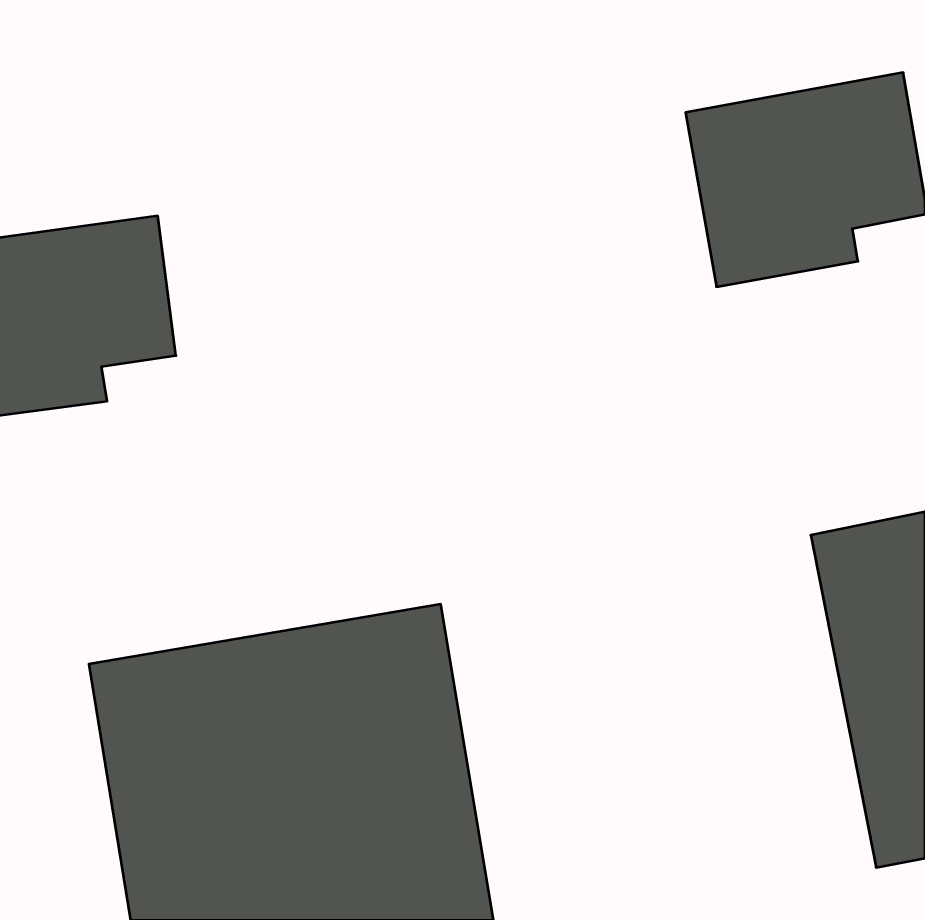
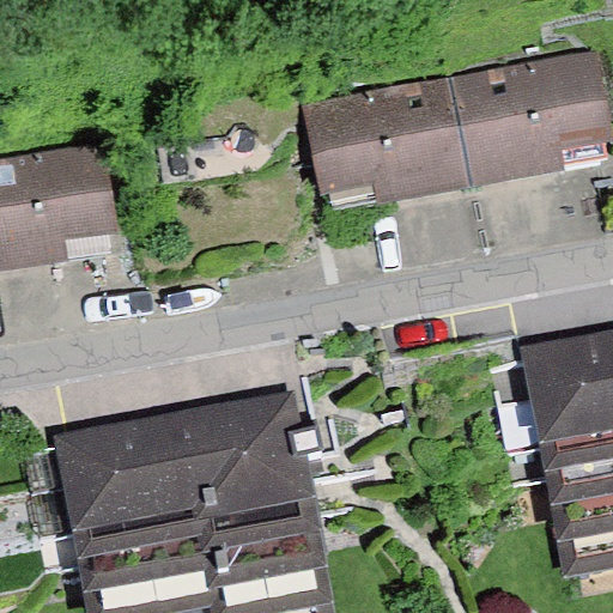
building: none -> [299,74,473,208]

